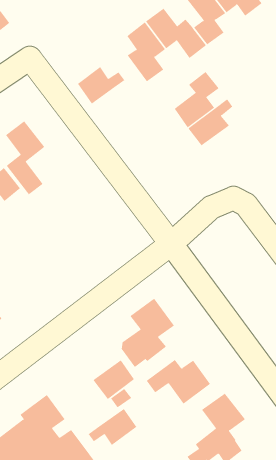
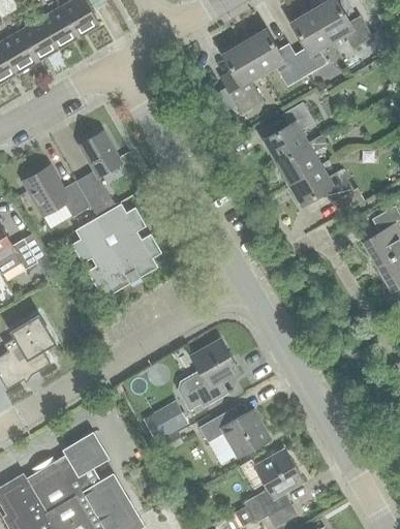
building: [77,66,125,104] -> none
building: none -> [288,163,353,205]
building: none -> [70,203,161,298]
building: [88,408,137,446] -> none

